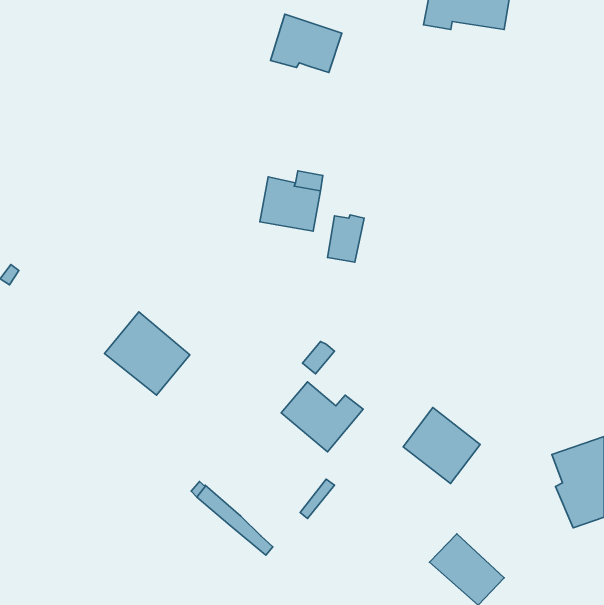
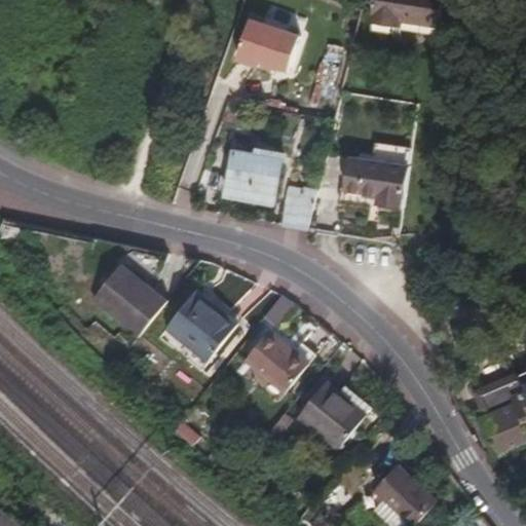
building: none -> [345,141,412,206]
building: none -> [165,295,237,365]
building: [403,408,480,483] -> [298,382,365,448]

